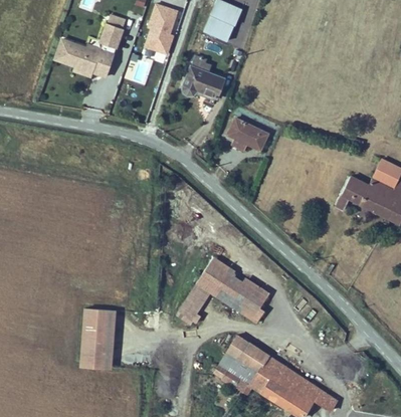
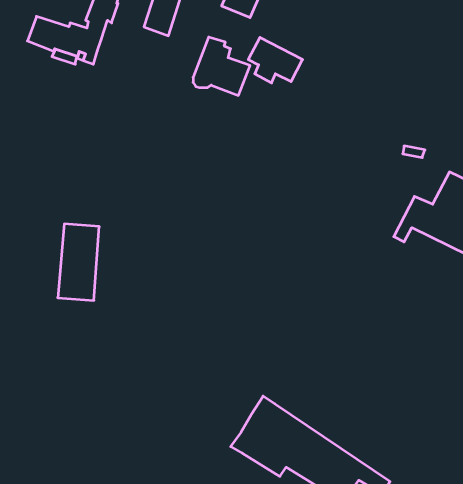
building: [226,117,268,152] -> [248,37,303,83]
building: [178,254,272,323] -> none
building: [82,308,115,368] -> [58,224,99,300]

